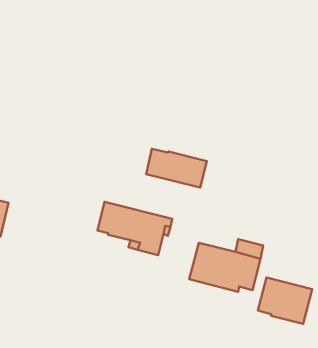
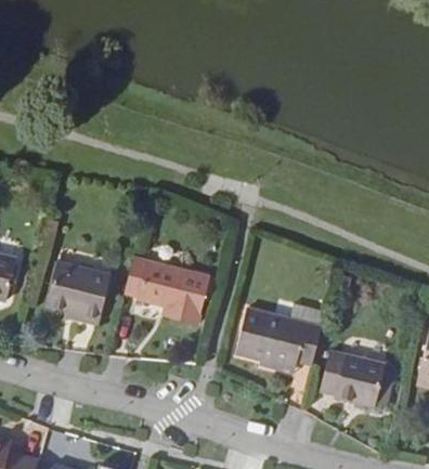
building: [146,149,207,188] -> none
building: none -> [46,262,110,324]

